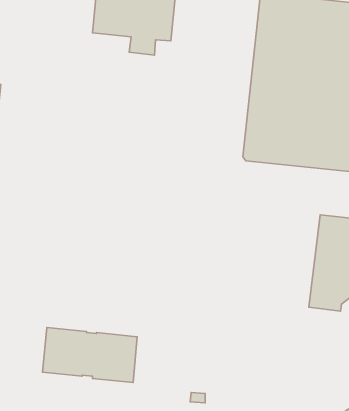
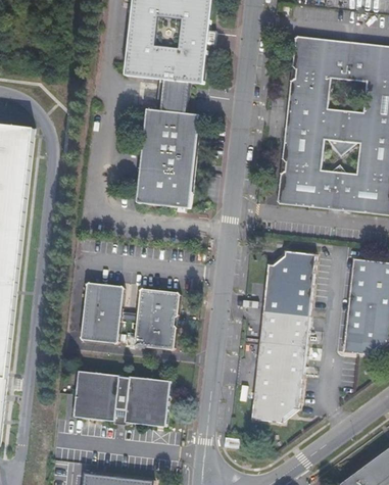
building: none -> [135,95,199,208]
building: none -> [250,251,314,422]
building: none -> [81,282,180,350]

